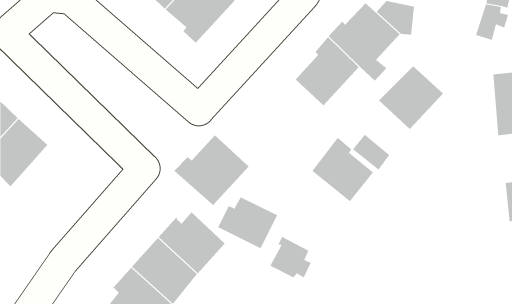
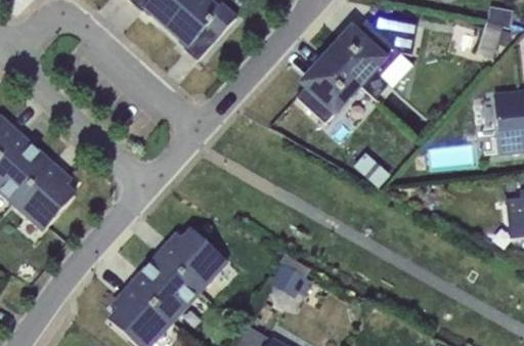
building: [378,66,444,130] -> none
building: [173,135,250,206] -> none
building: [312,137,374,202] -> none
building: none -> [11,162,75,229]
building: [217,197,278,249] -> none

